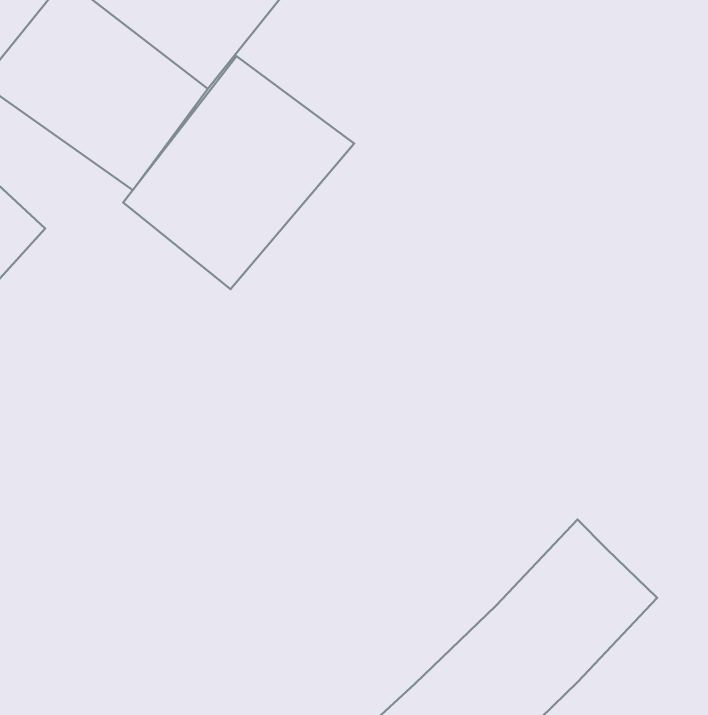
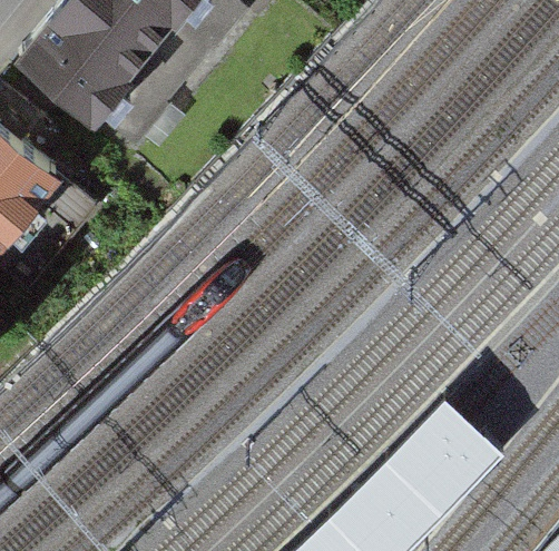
building: [123,56,354,289] -> none

